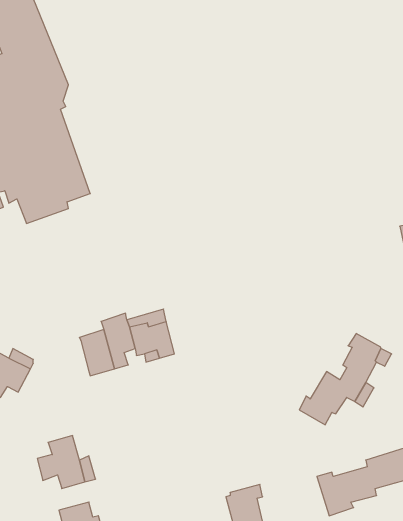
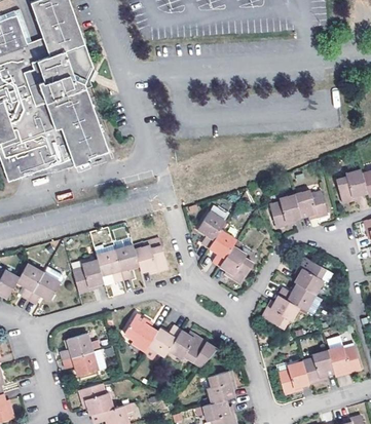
building: none -> [270,188,325,224]
building: none -> [199,208,255,280]
building: none -> [73,262,104,297]
building: none -> [127,312,208,359]

